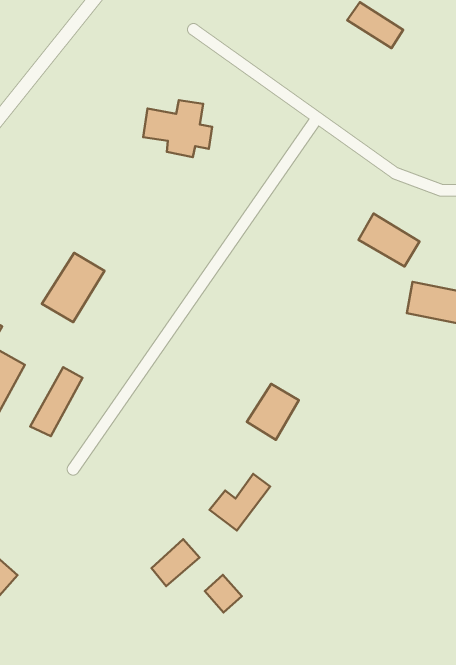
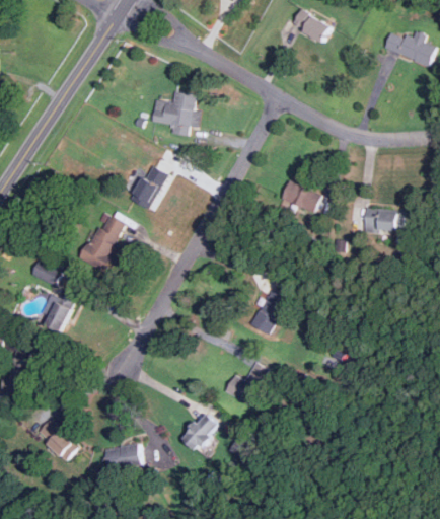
building: none -> [130,163,167,209]
building: [359,213,419,266] -> [278,179,322,216]
building: [30,367,82,436] -> none
building: none -> [98,445,133,466]

